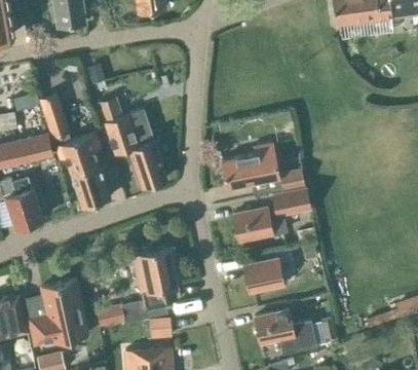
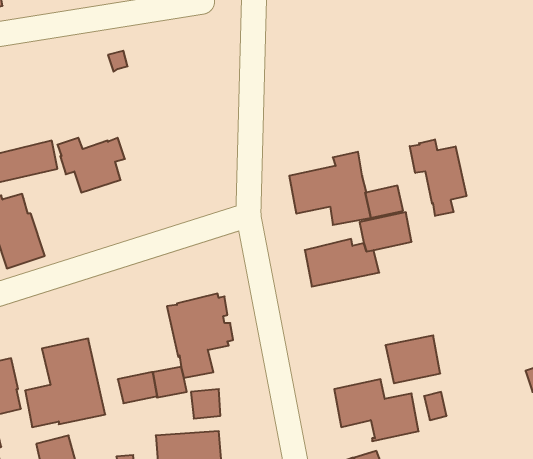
building: [39,92,69,138] -> none
building: [98,97,167,187] -> none
building: none -> [410,139,466,216]
building: [70,163,110,207] -> none
building: [243,258,283,293] -> [385,335,440,383]

